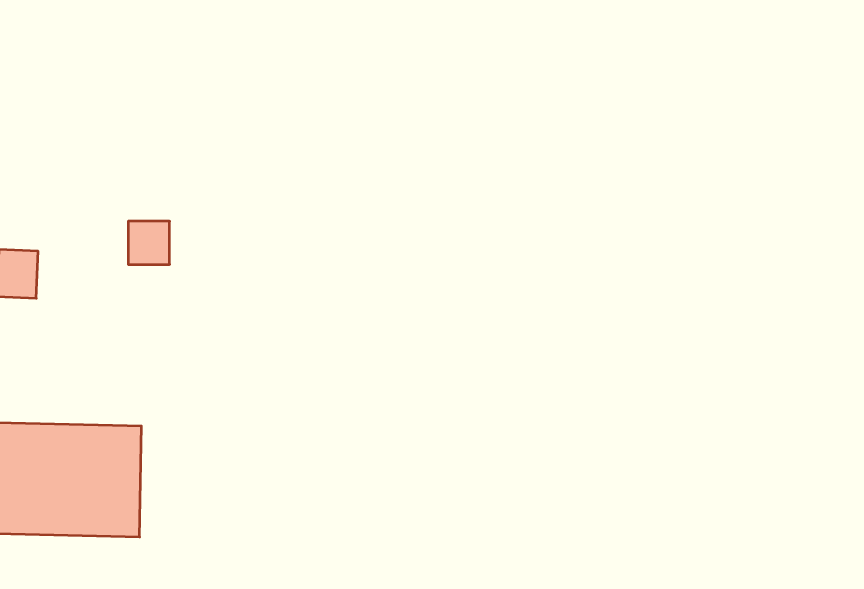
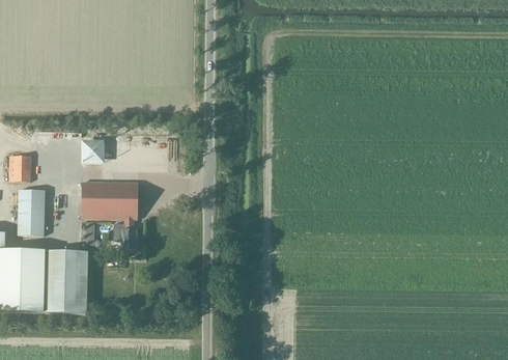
building: none -> [82,181,137,248]
building: none -> [18,189,45,236]

